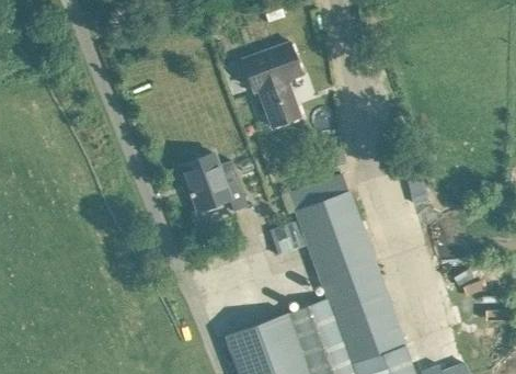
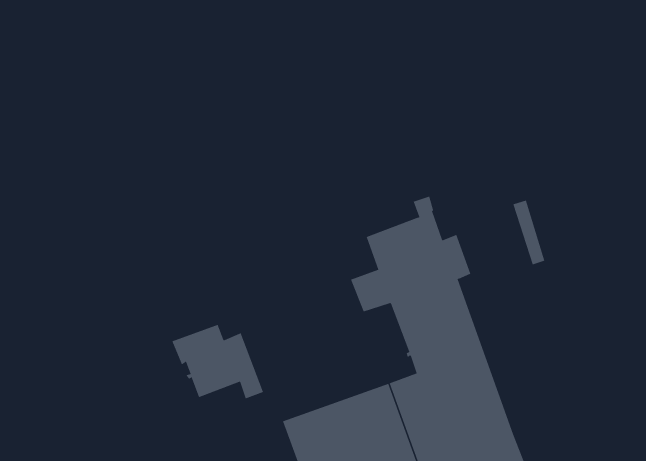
building: [242,43,302,128] -> none
building: [177,155,249,213] -> [171,324,264,399]

